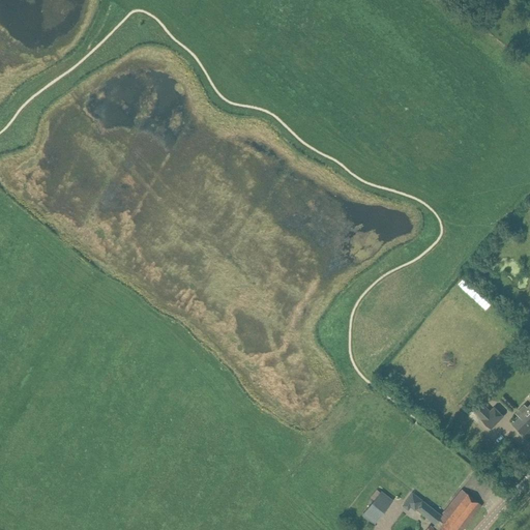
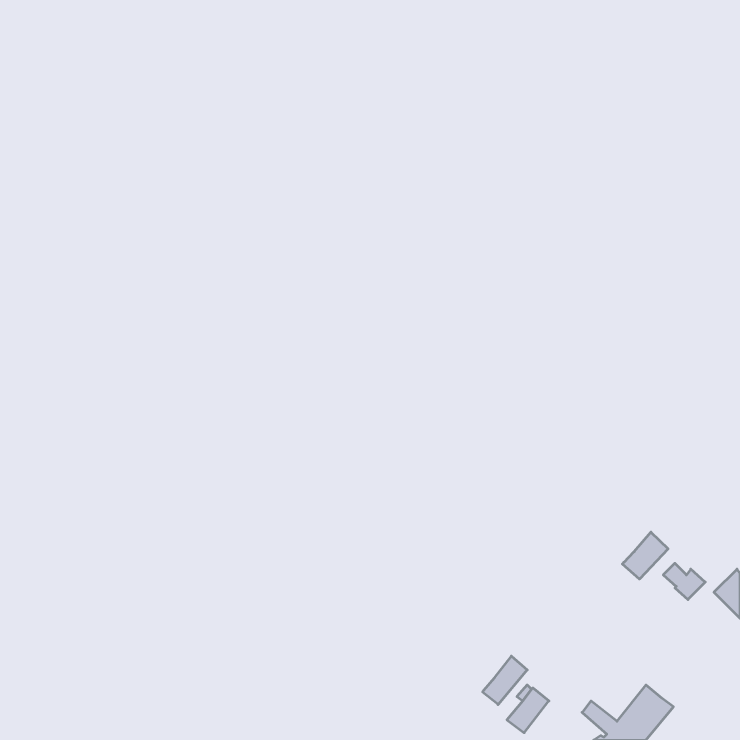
building: none -> [622,532,668,579]
building: none -> [483,656,527,705]

